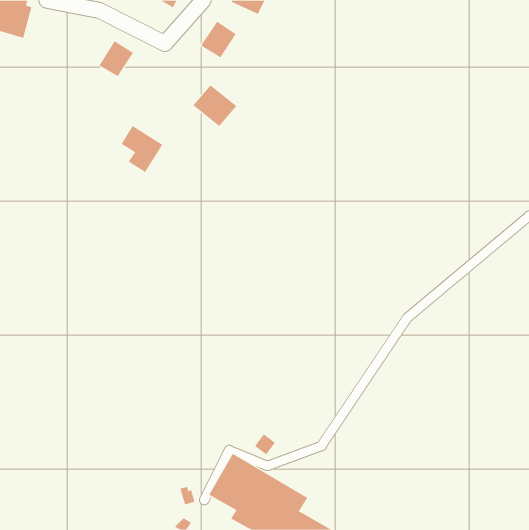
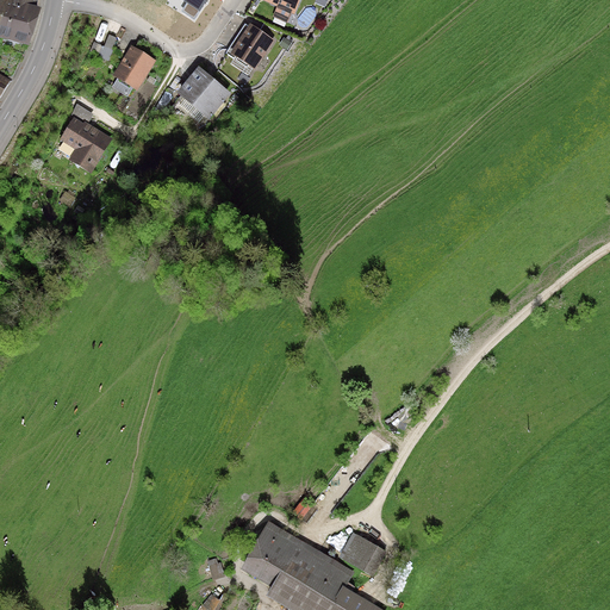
building: [193,84,237,127] -> [178,68,229,117]
building: [121,125,163,173] -> [61,117,110,172]
building: none -> [338,533,386,575]

